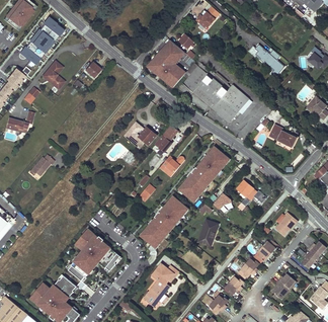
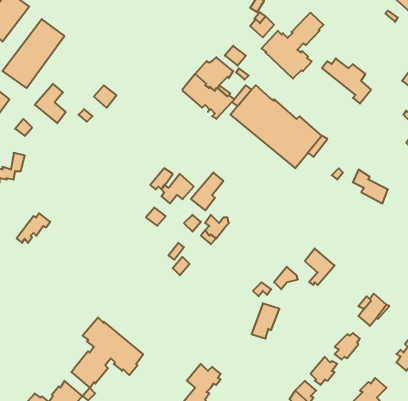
building: none -> [262,13,324,79]
building: [179,147,229,202] -> none
building: [141,197,187,248] -> none

